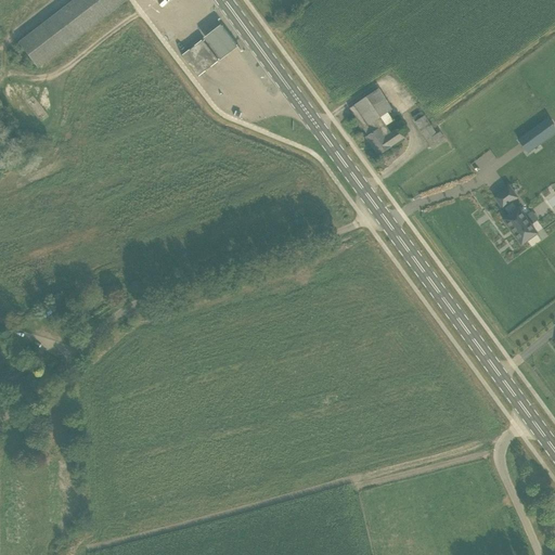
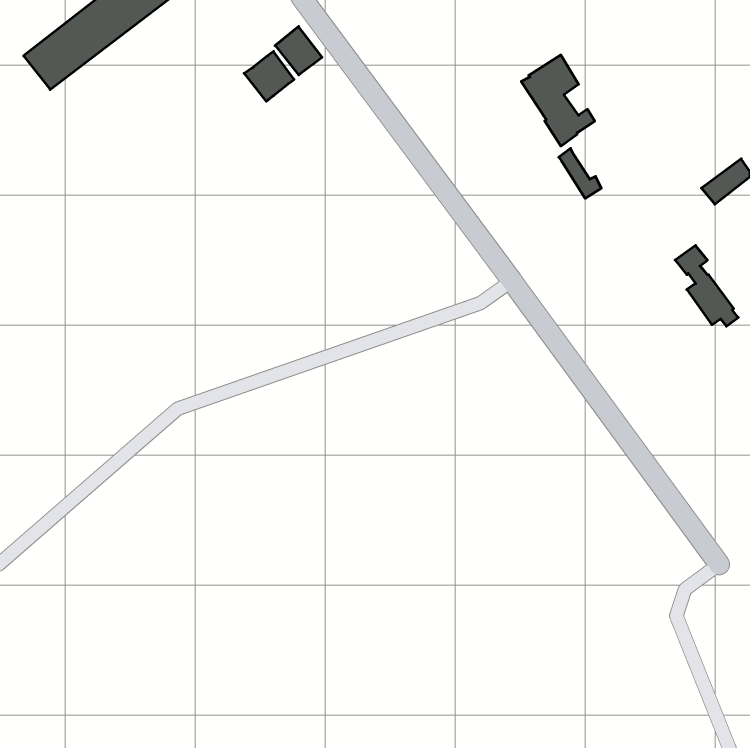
building: [348,87,402,154] -> [521,55,595,146]

